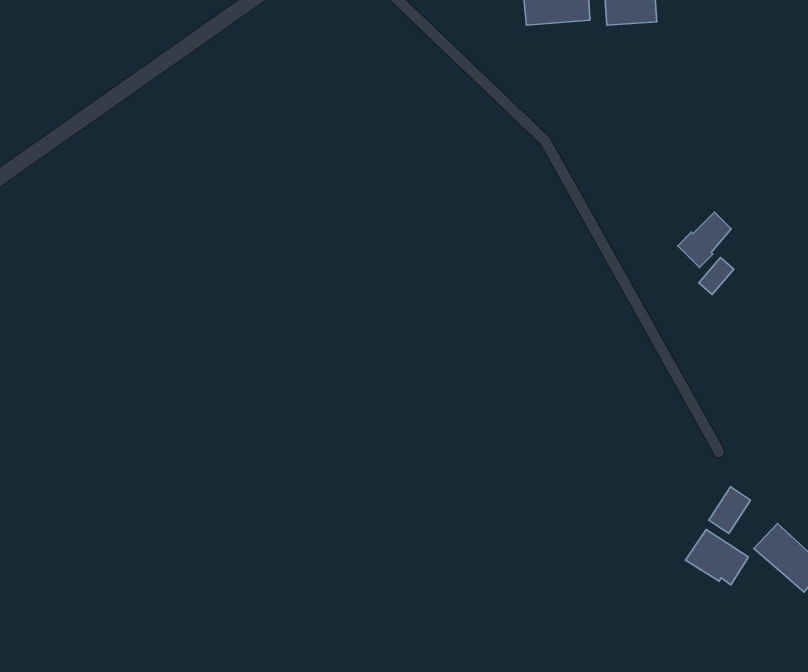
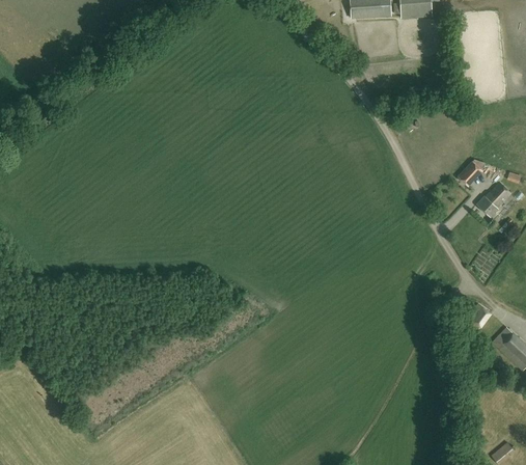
building: [678,212,731,267] -> [476,183,509,217]
building: [686,529,748,585] -> none

